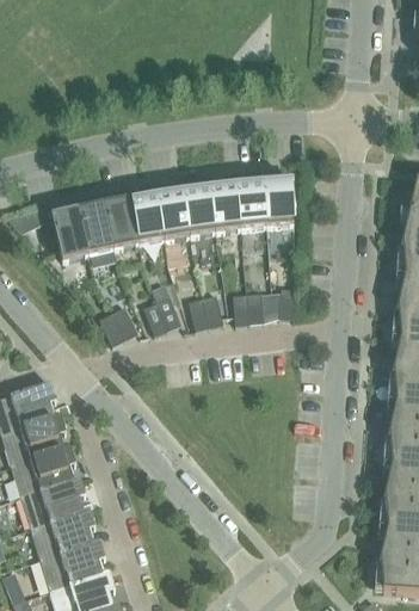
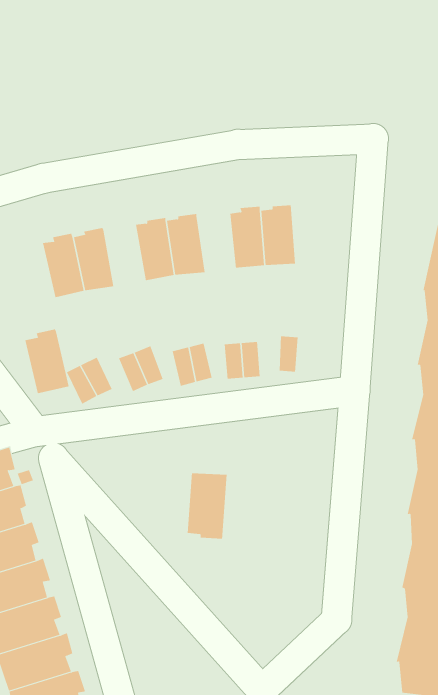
building: [209,180,241,234] -> none
building: [130,191,165,246] -> none
building: [50,206,88,261] -> [24,329,69,394]
building: none -> [187,472,227,540]

